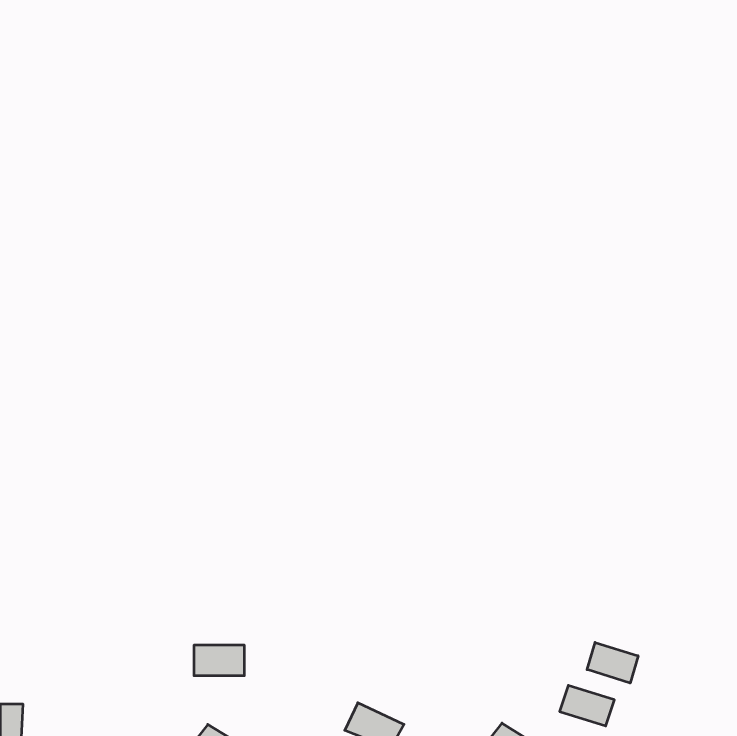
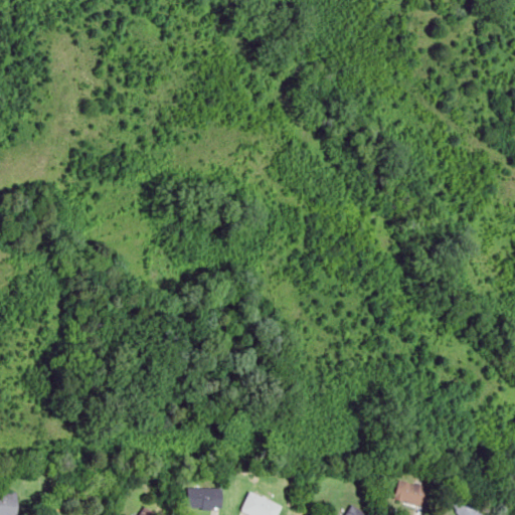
building: [587,642,638,683] -> none
building: [194,645,244,676] -> [188,488,223,509]

